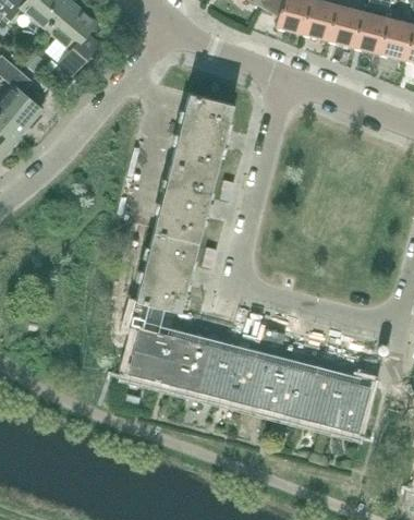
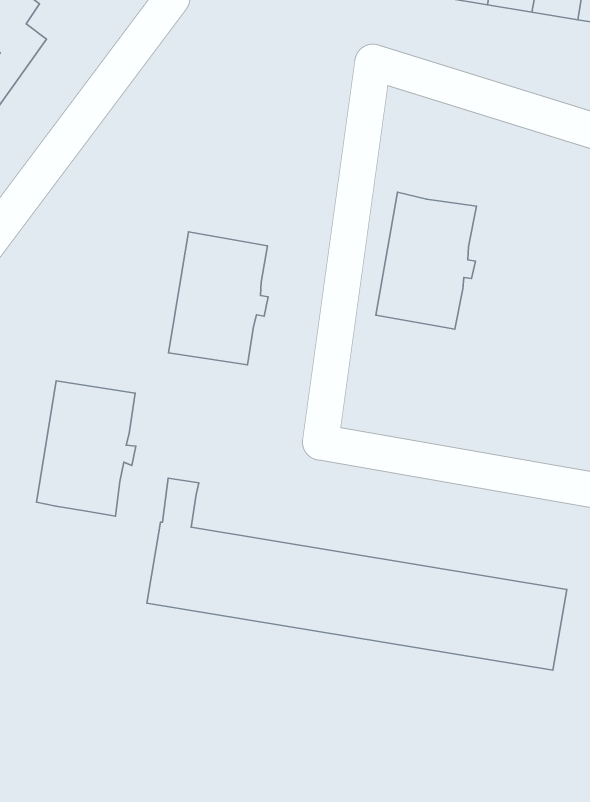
building: [170,90,233,172] -> [376,192,477,329]
building: [135,229,197,310] -> [36,381,136,516]

